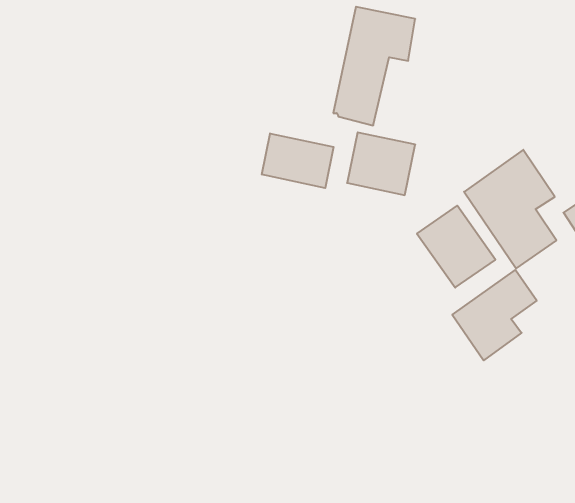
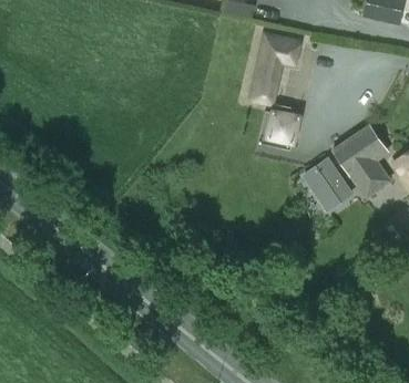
building: [262,133,334,188] -> none
building: [452,270,537,360] -> none

